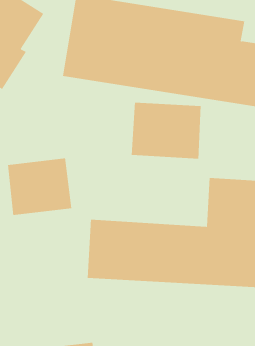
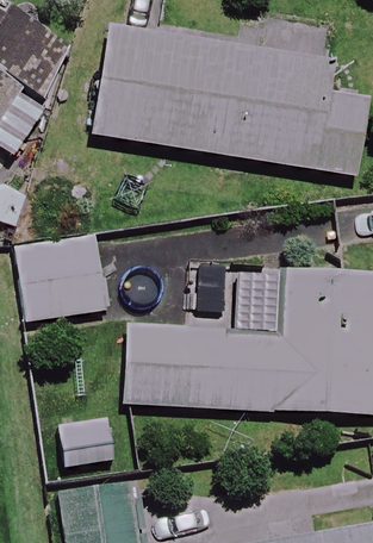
building: [131,102,201,159] -> none

